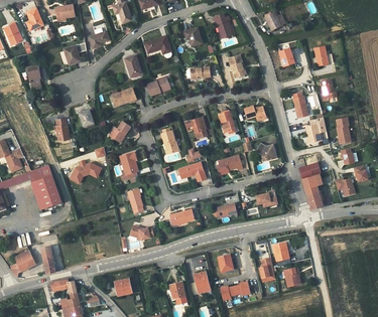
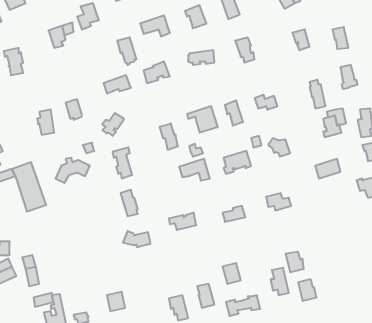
building: [301,174,323,210] -> none

